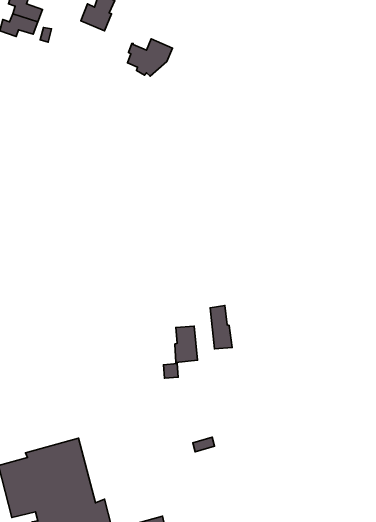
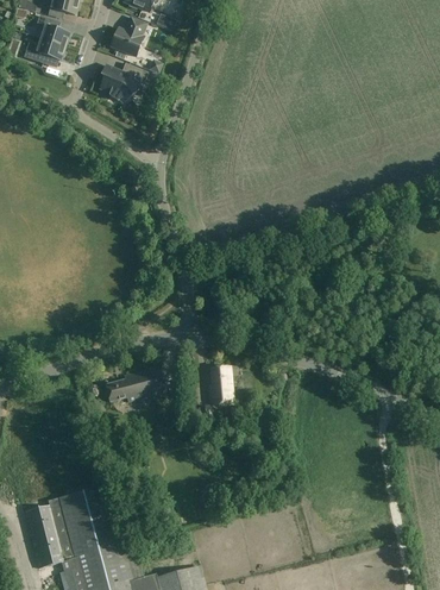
building: [127,39,173,76] -> [100,63,147,102]
building: [210,306,232,349] -> none
building: none -> [105,366,165,403]

